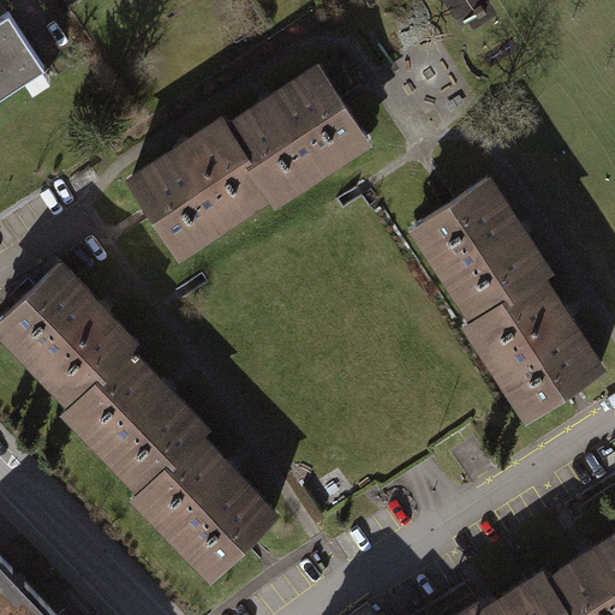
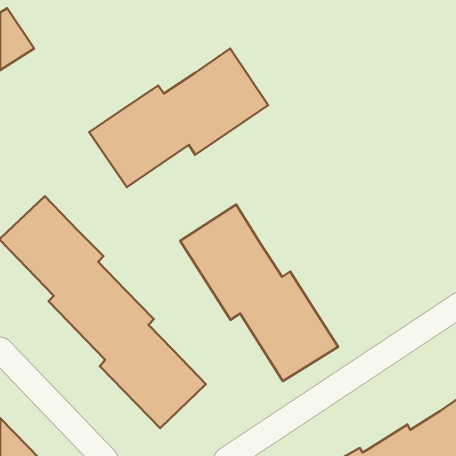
building: [408,186,593,418] -> none
building: none -> [180,205,338,381]

